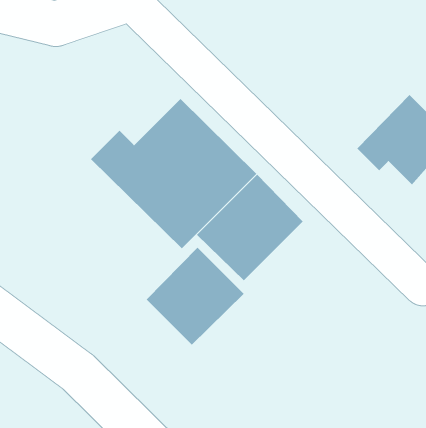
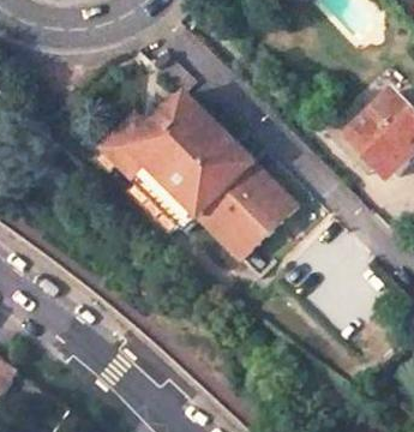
building: [146,247,244,346] -> none

